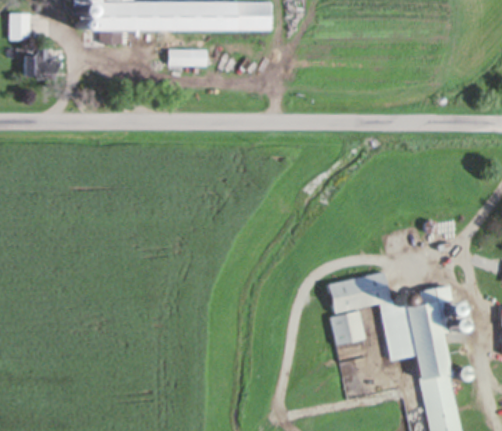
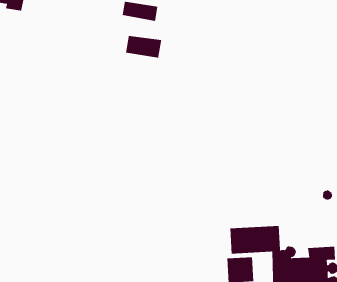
building: none -> [126,35,162,59]

